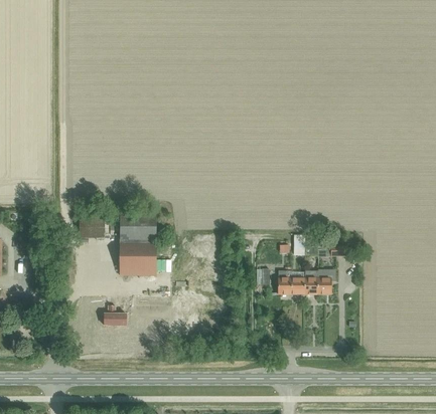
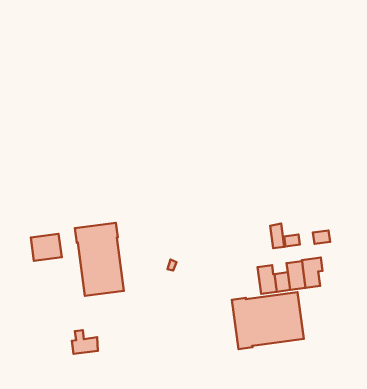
building: none -> [232,292,304,349]

